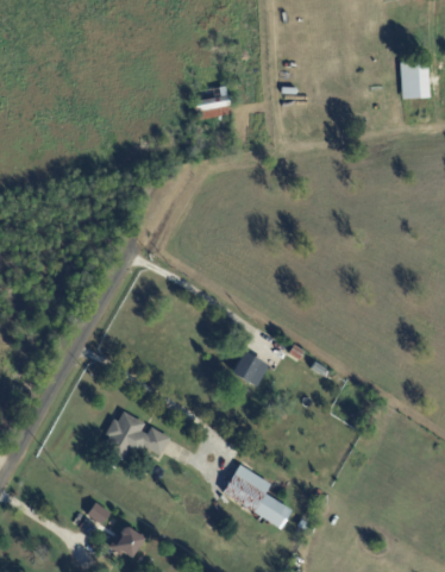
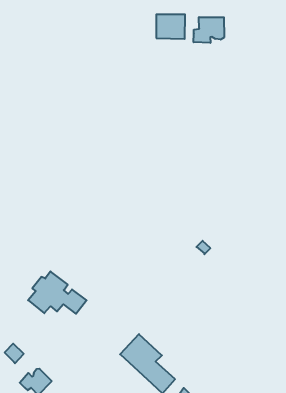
building: none -> [194,17,224,43]
building: [232,352,268,385] -> none

